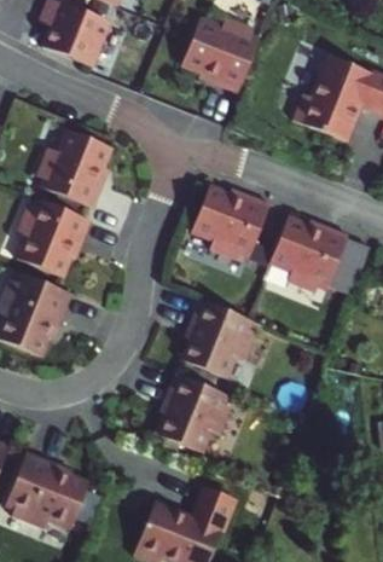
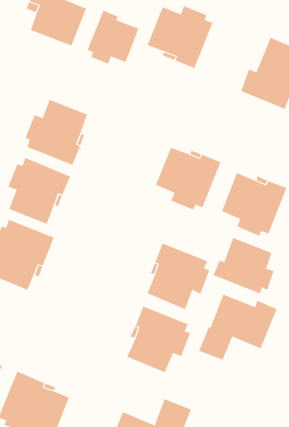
building: none -> [87,10,139,64]
building: none -> [213,237,274,294]
building: none -> [198,294,277,360]

